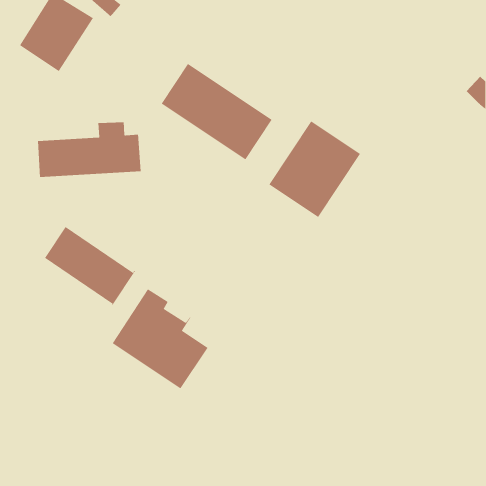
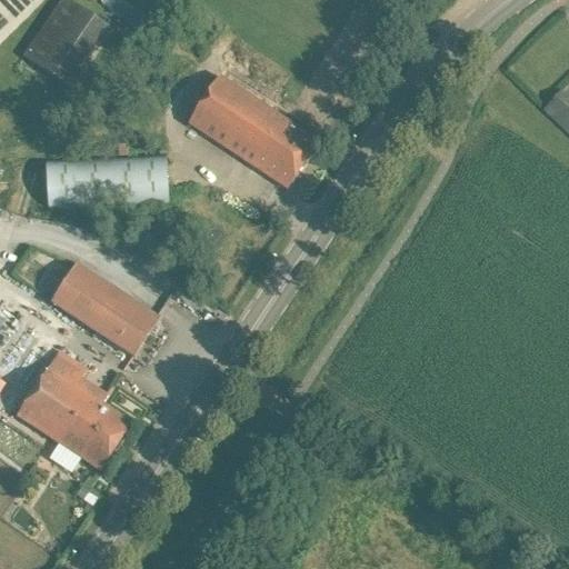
building: [268,121,361,218] -> none
building: [112,289,209,389] -> [19,351,131,468]

